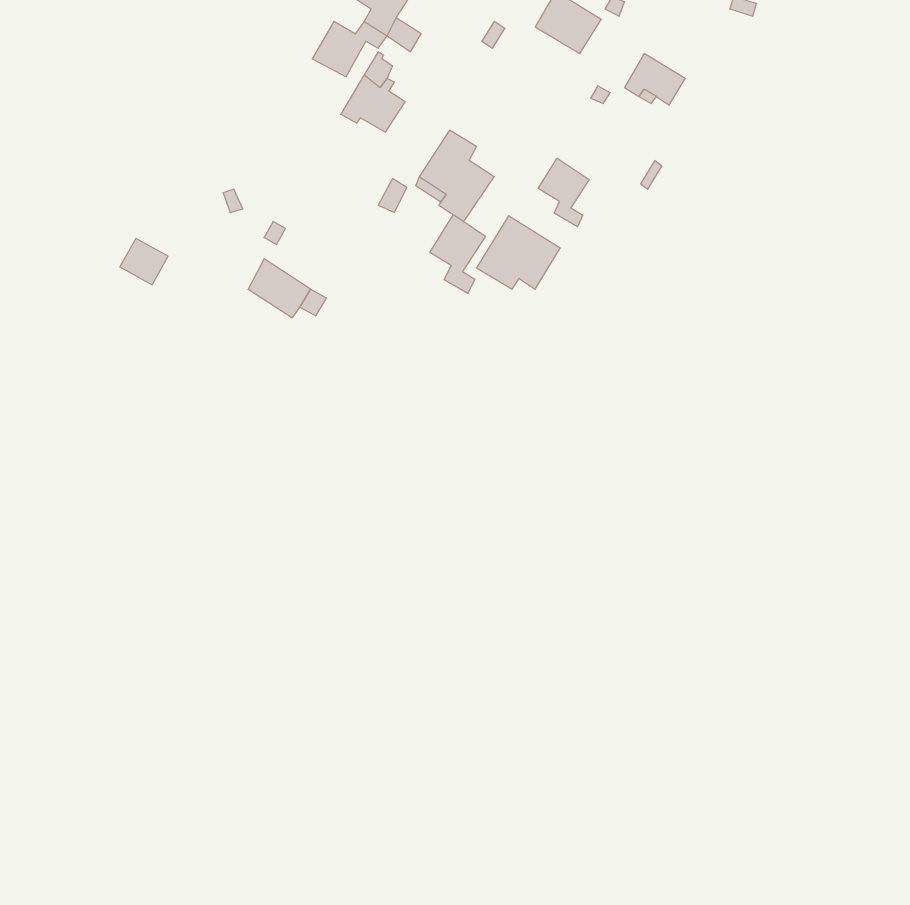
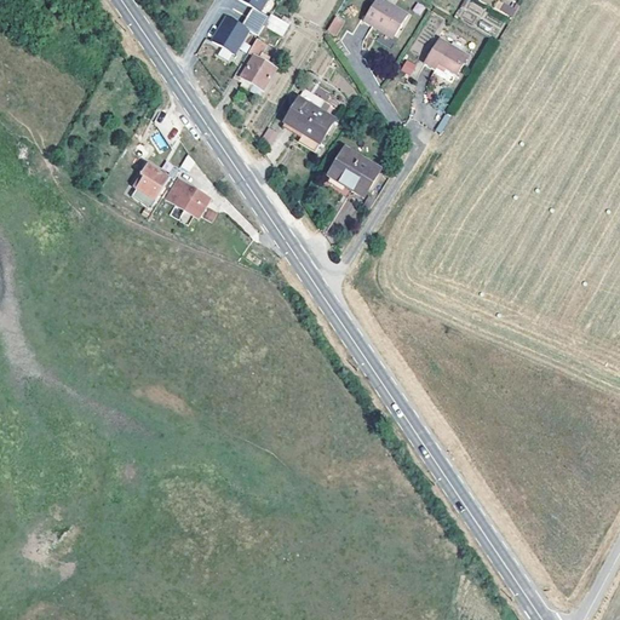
building: [538,158,589,227] -> none
building: [430,215,485,293] -> none
building: [120,238,168,285] -> [133,162,166,194]

